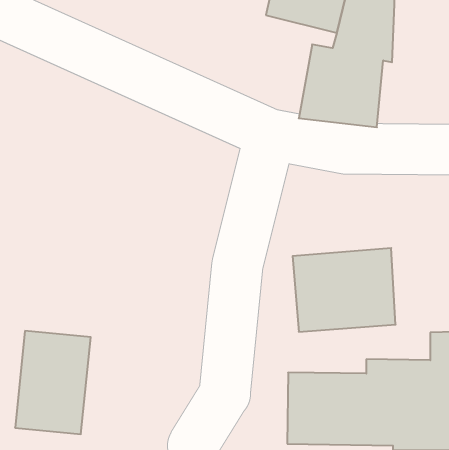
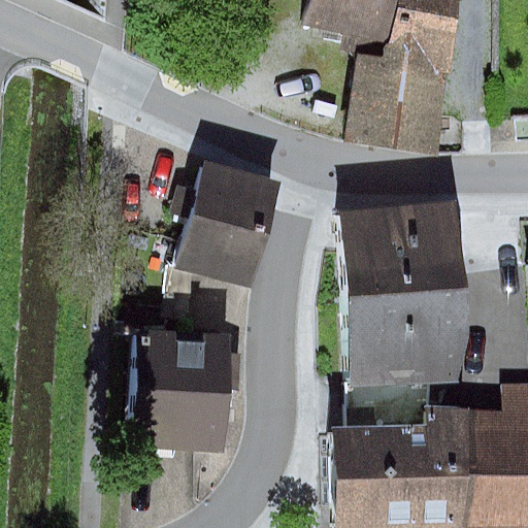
building: none -> [178,176,261,282]
building: none -> [339,201,460,297]
building: [15,331,91,434] -> [131,332,219,452]

